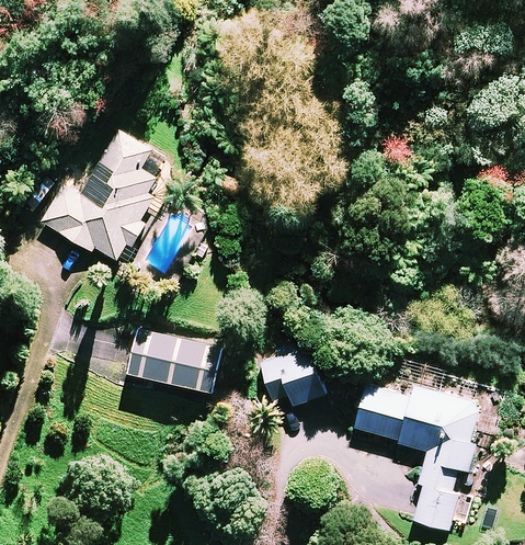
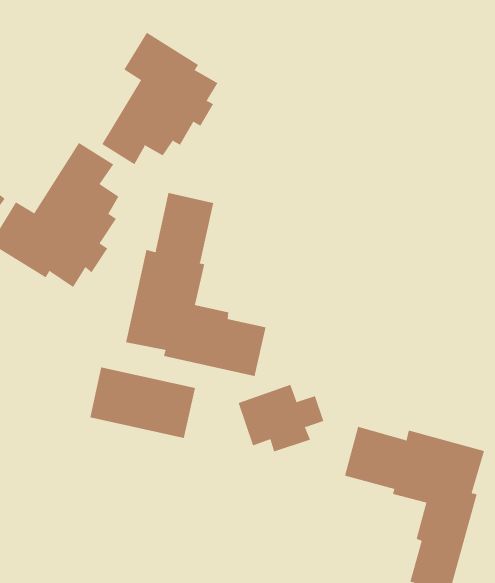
building: none -> [102,32,218,165]
building: none -> [126,192,266,377]

